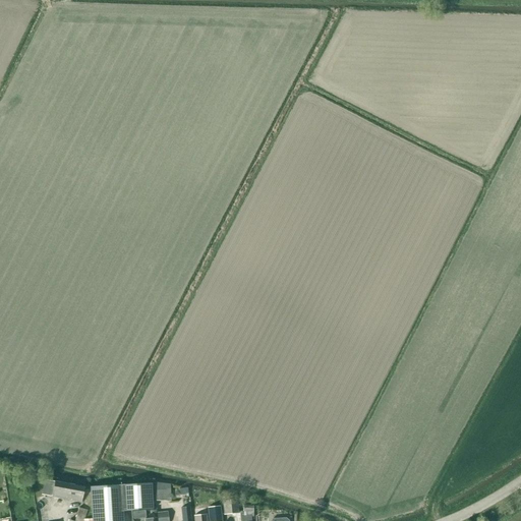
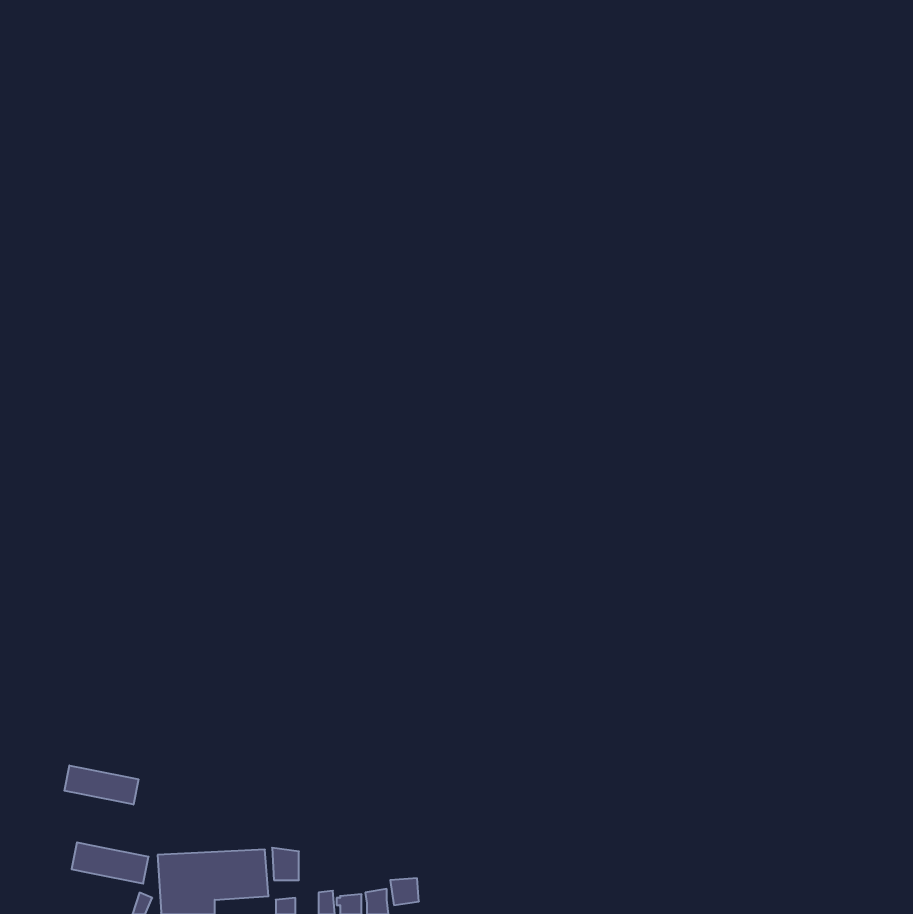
building: none -> [64,765,138,805]

